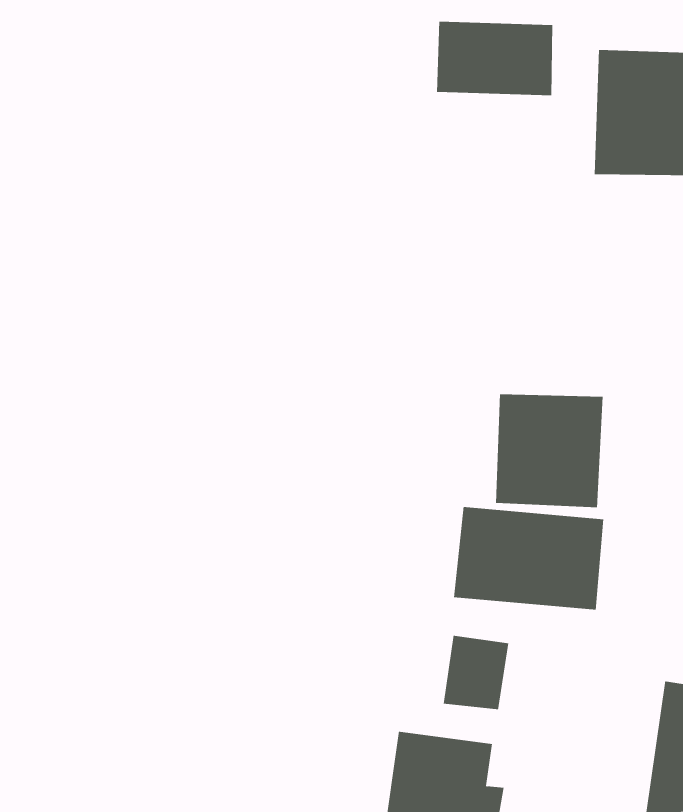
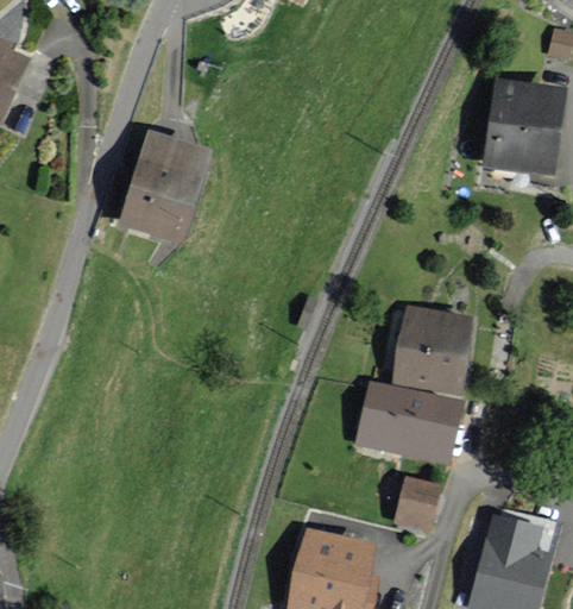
building: [436,21,553,96] -> none
building: none -> [120,130,210,241]
building: [443,635,509,710] -> [392,476,442,530]

